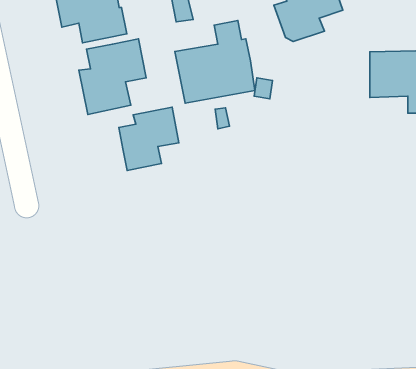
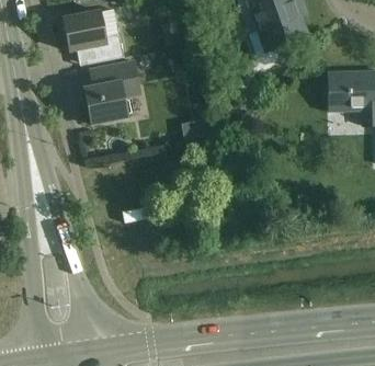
building: [175,20,255,103] -> none
building: [119,107,179,170] -> none

